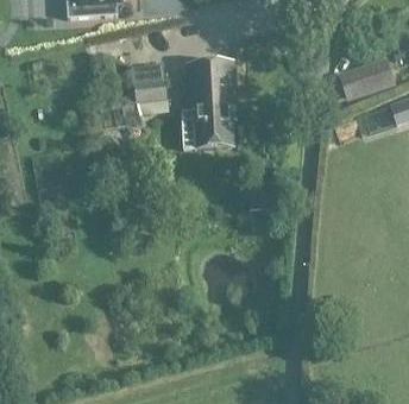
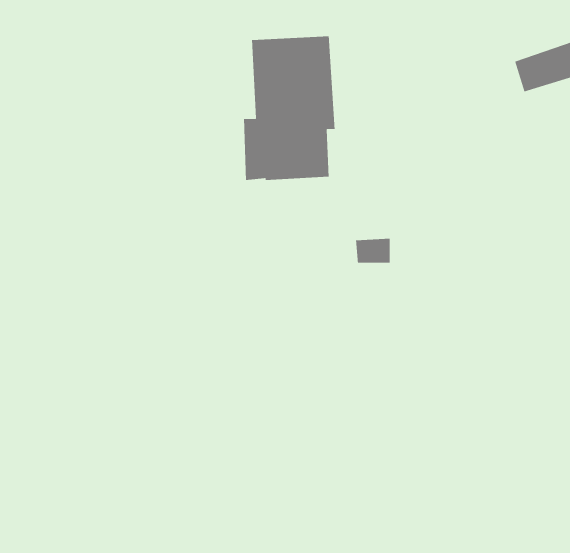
building: [125,62,168,102] -> none

